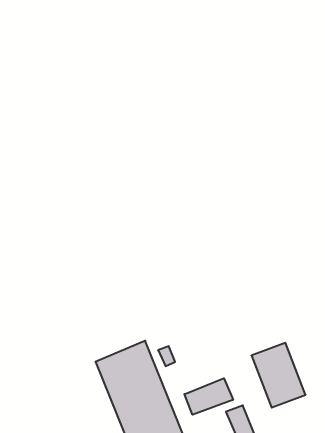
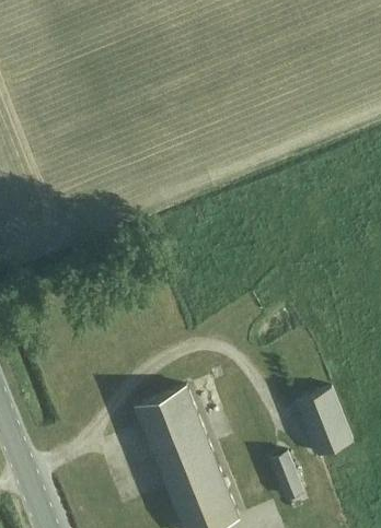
building: [184,378,233,415] -> none

